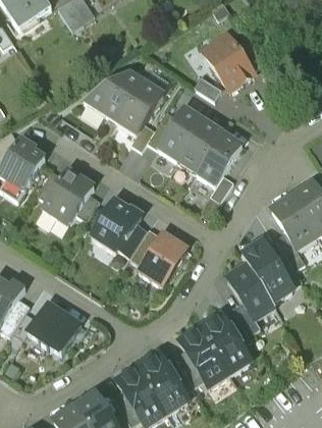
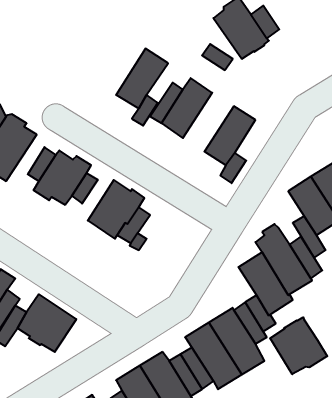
building: [84,71,143,122] -> none
building: [176,120,222,173] -> none
building: [138,231,187,286] -> none
building: none -> [270,317,327,374]

